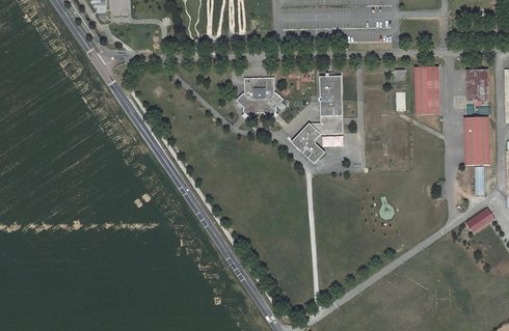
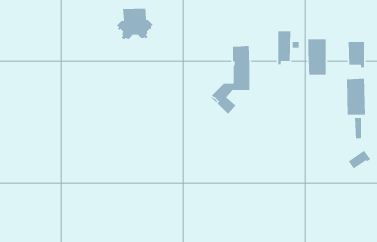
building: none -> [278,30,291,65]
building: [236,77,285,118] -> [116,8,154,41]

